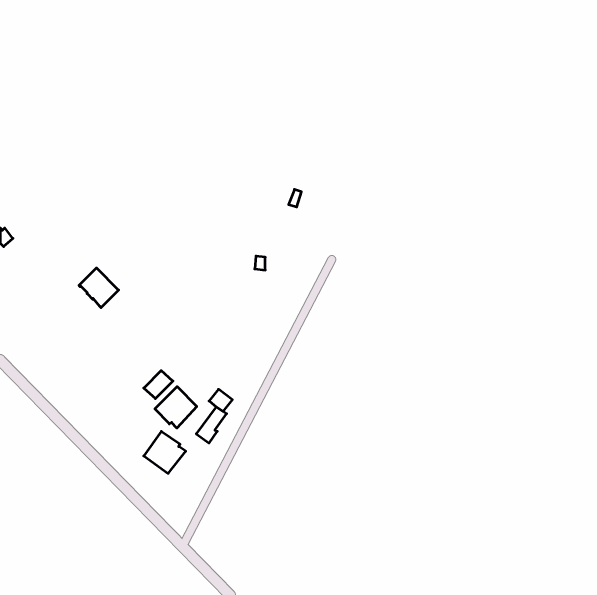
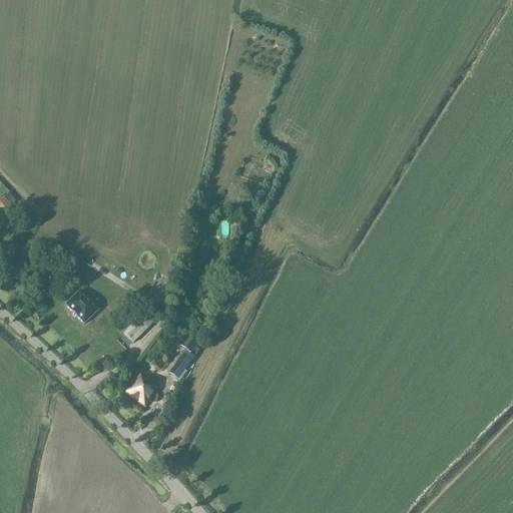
building: [79,268,119,308] -> [65,289,99,323]
building: [155,387,197,428] -> none

